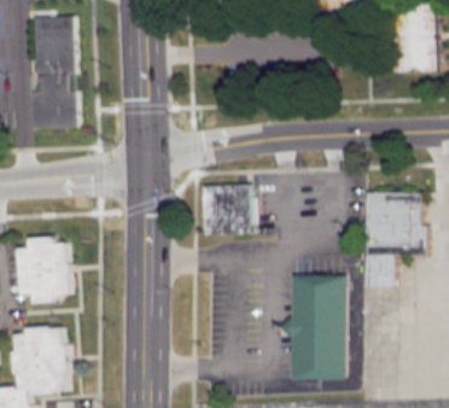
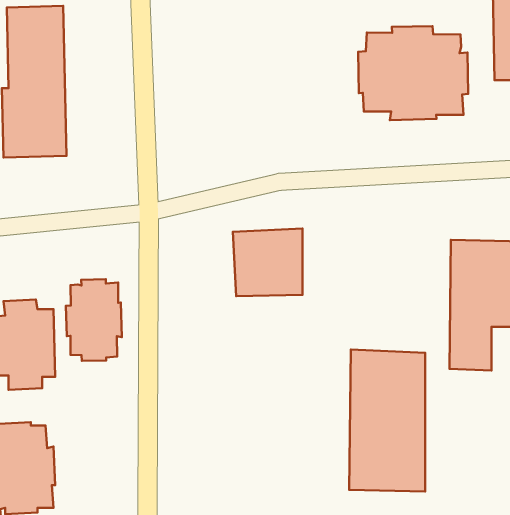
building: none -> [358,26,468,120]
building: none -> [66,279,122,361]

